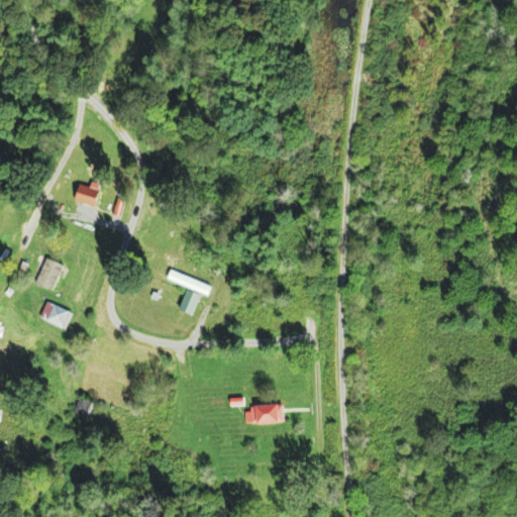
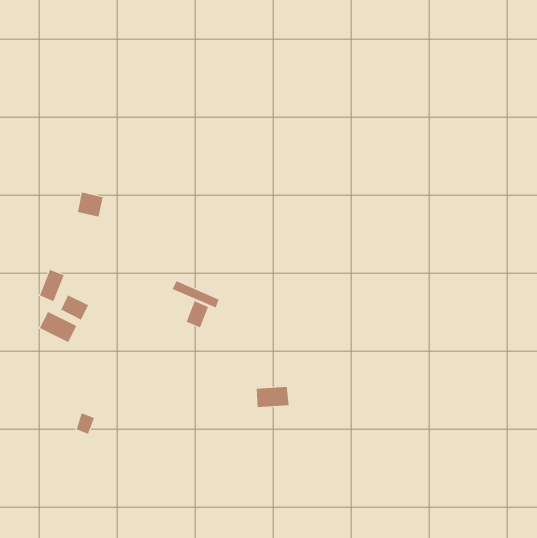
building: none -> [60,294,89,320]
building: [250,405,283,425] -> [256,386,290,407]

